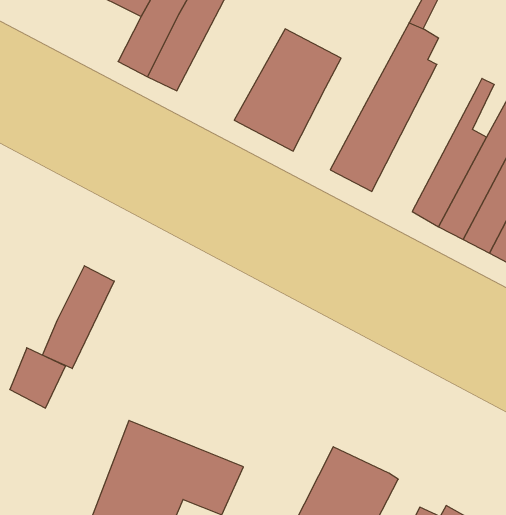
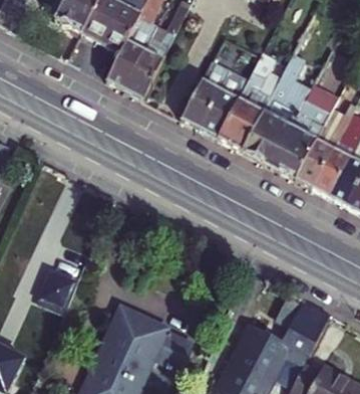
building: none -> [221,46,282,149]
building: none -> [272,80,340,176]
building: [42,266,114,369] -> none
building: none -> [283,301,330,359]

